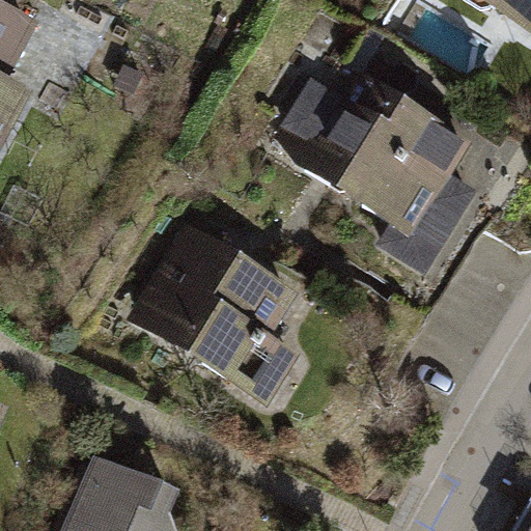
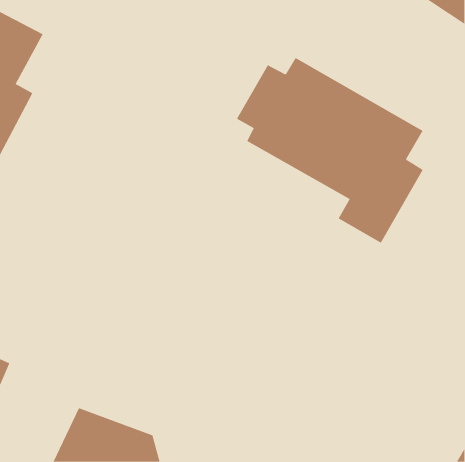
building: [124,218,301,403] -> none

